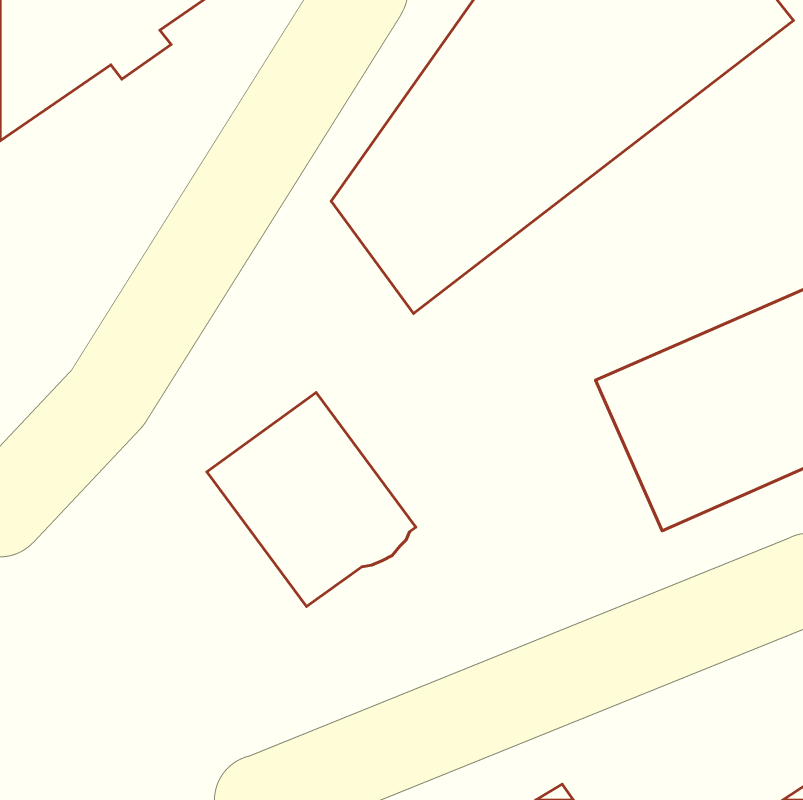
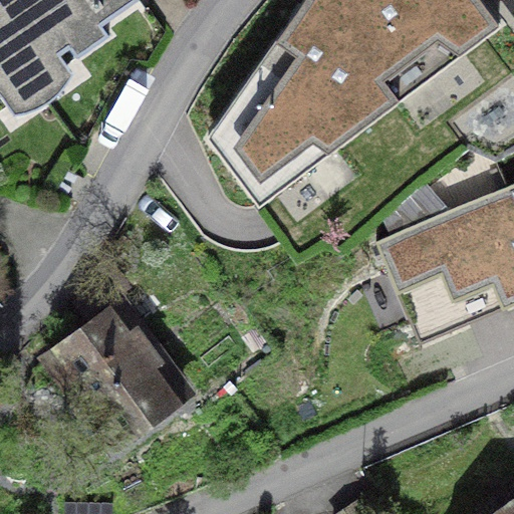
building: [207,392,416,606] -> [54,300,187,436]

